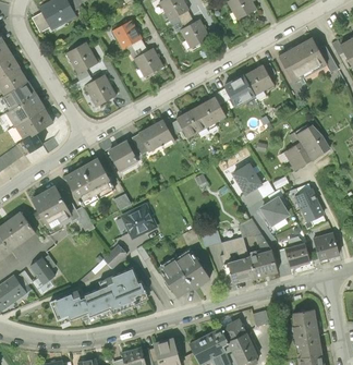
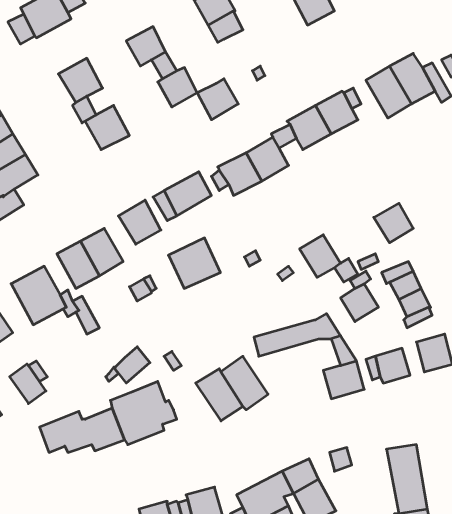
building: [180,20,208,48] -> [197,79,238,120]
building: [296,126,329,160] -> none
building: [120,204,156,239] -> [168,238,220,288]
building: [228,258,254,283] -> none

